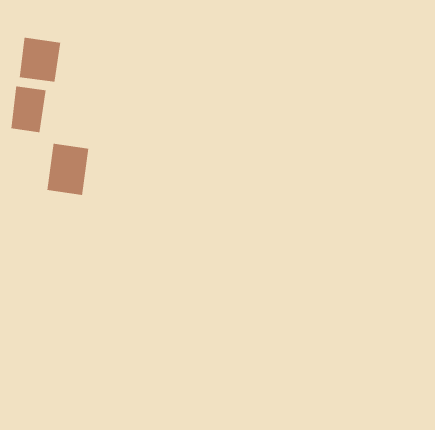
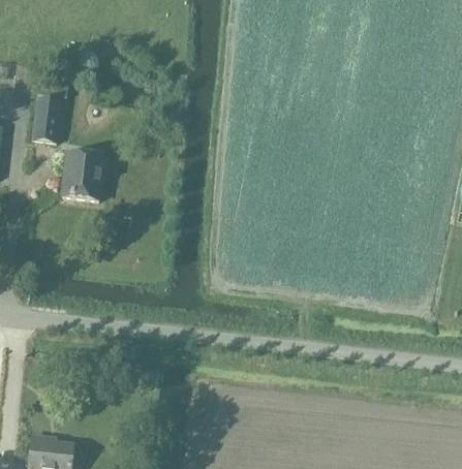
building: [19,37,61,83] -> none

